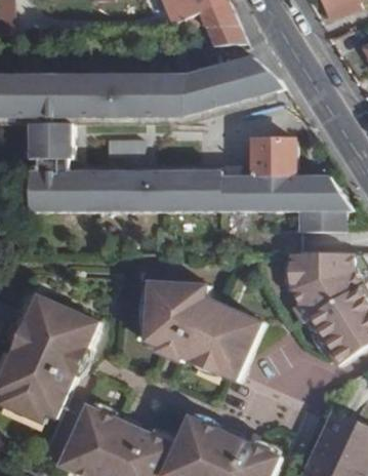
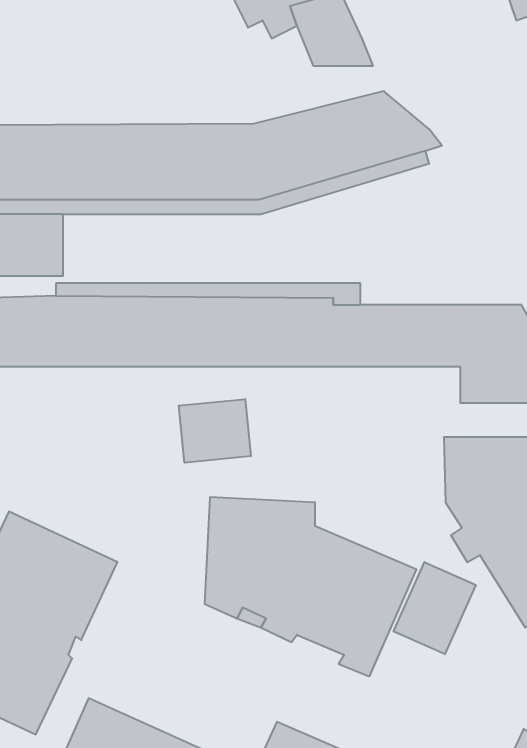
building: [251,141,294,176] -> none
building: none -> [179,399,251,463]
building: none -> [394,562,476,654]

